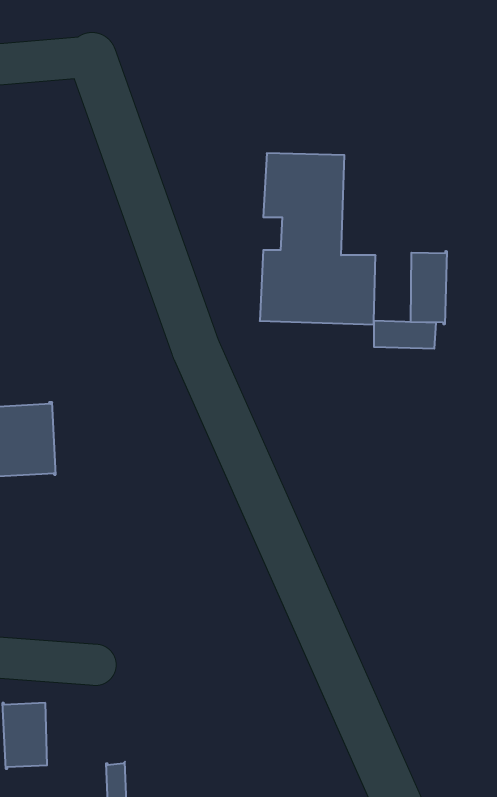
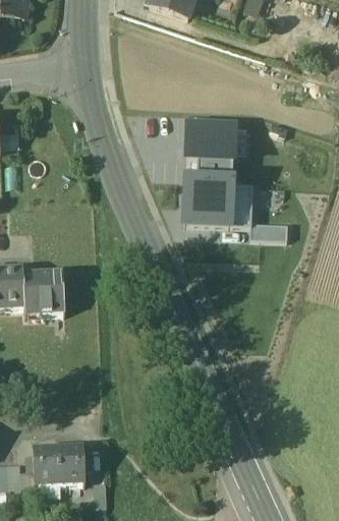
building: [411,251,447,324] -> none
building: none -> [58,445,84,482]

